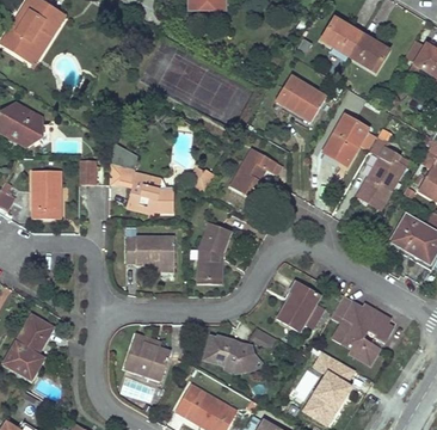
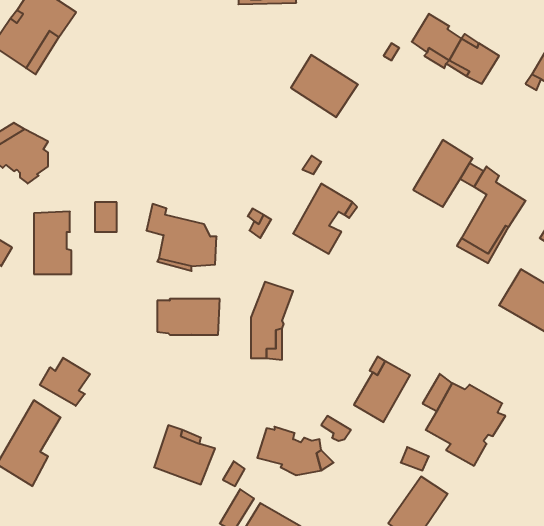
building: [275,75,326,123] -> [291,55,358,117]
building: none -> [40,358,90,406]

